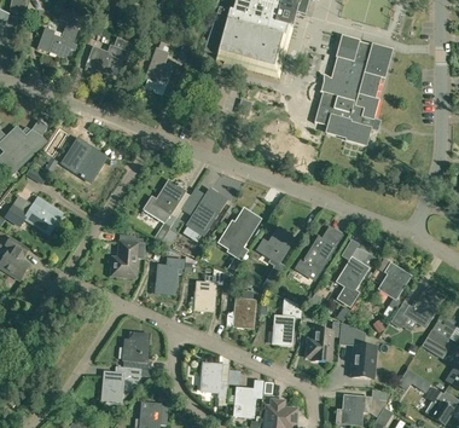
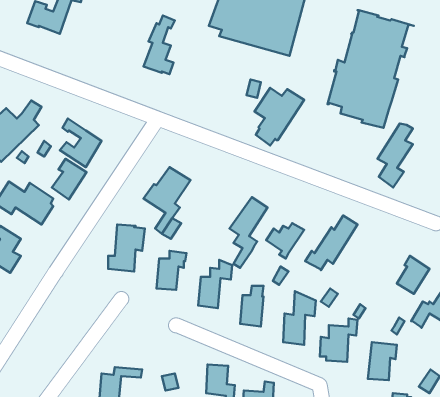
building: [83,37,130,76] -> none
building: none -> [52,159,86,200]
building: [182,189,228,242] -> [254,88,304,145]
building: [336,249,368,308] -> [378,123,413,187]
building: [122,332,151,369] -> none

